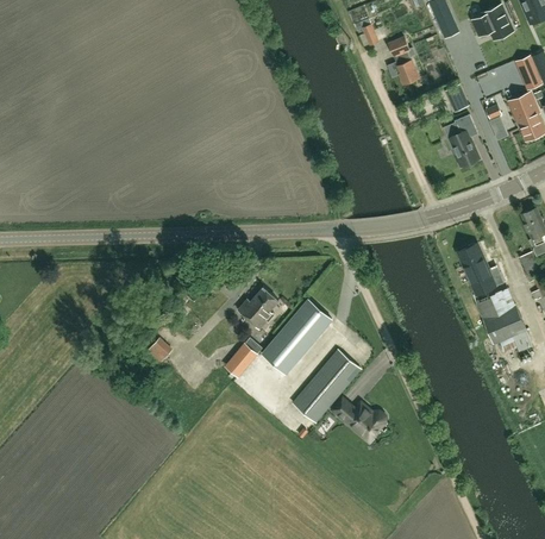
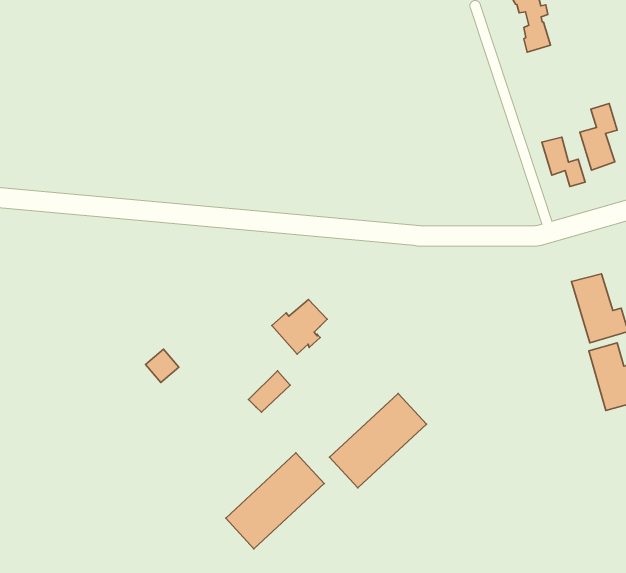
building: none -> [542,137,585,187]
building: [262,299,332,374] -> [226,453,324,549]
building: [333,399,384,437] -> none

